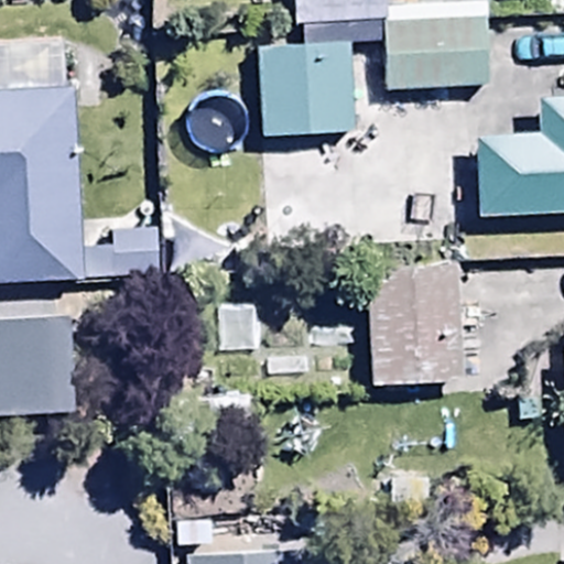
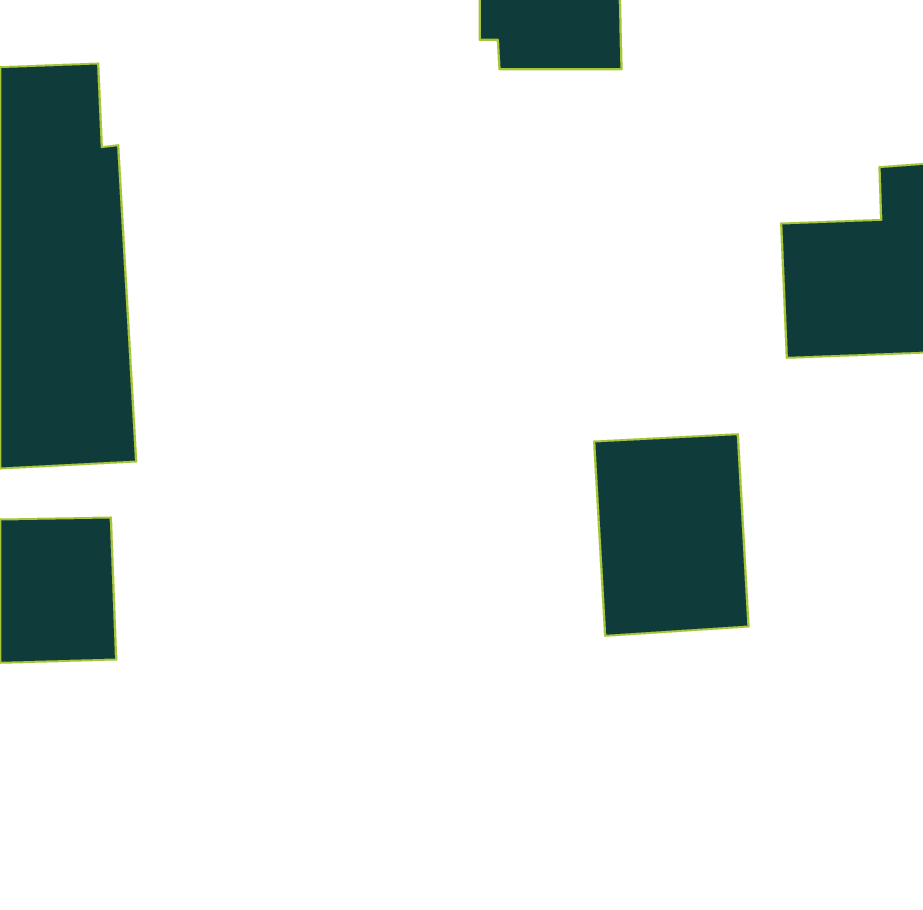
building: [382,17,490,87] -> none
building: [259,45,351,135] -> none

